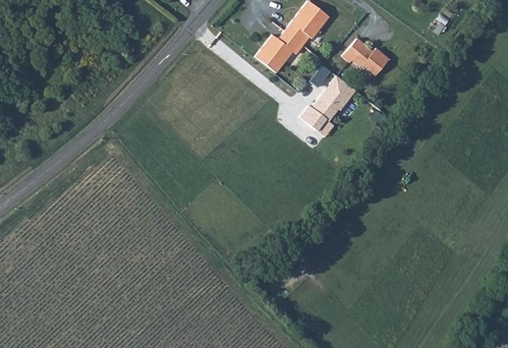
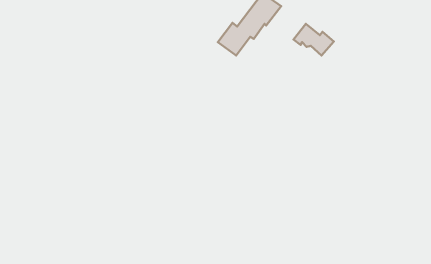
building: [295,63,353,130] -> none

